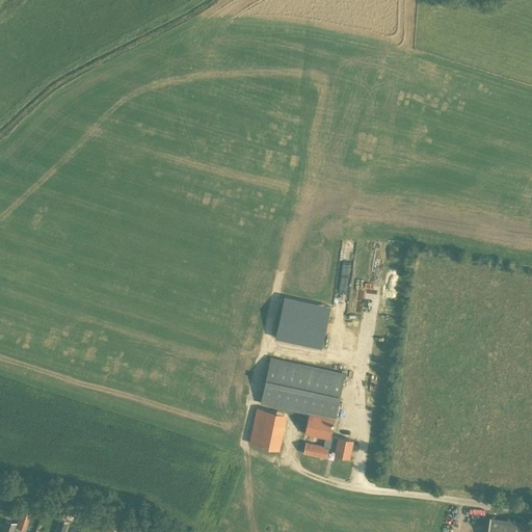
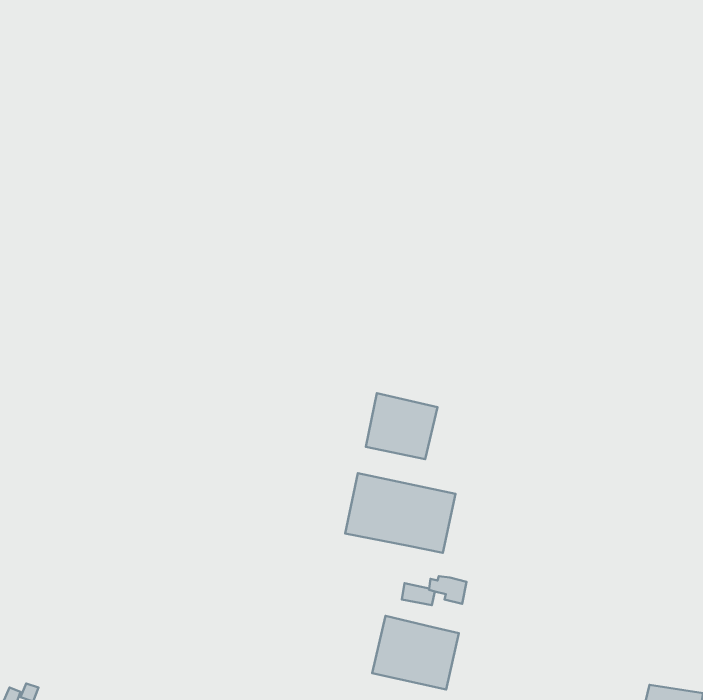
building: [249,409,287,451] -> none
building: [304,415,335,441] -> none
building: none -> [372,616,459,689]

